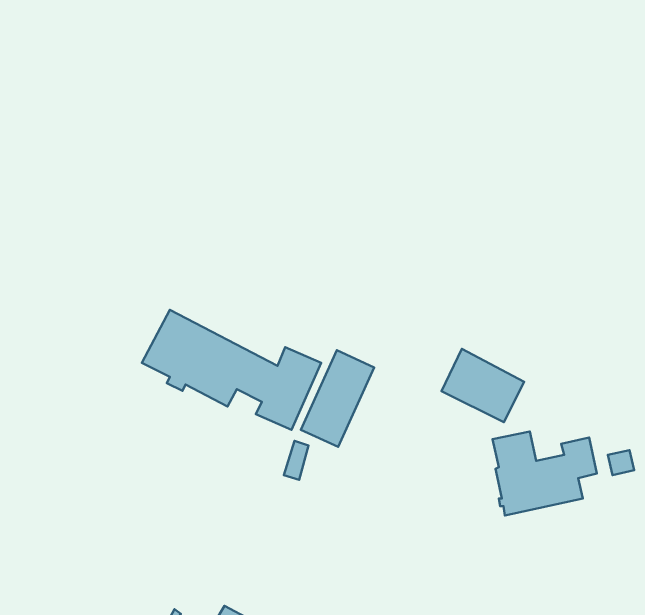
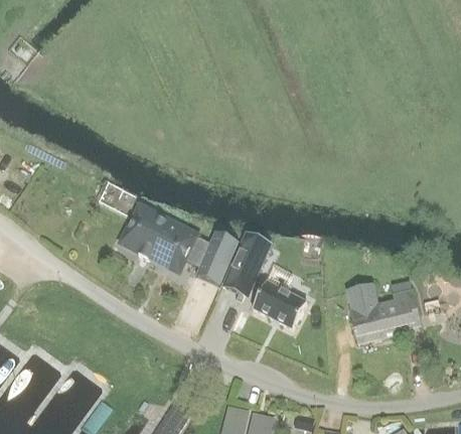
building: none -> [103,184,134,210]
building: [442,349,524,422] -> [251,280,304,327]

